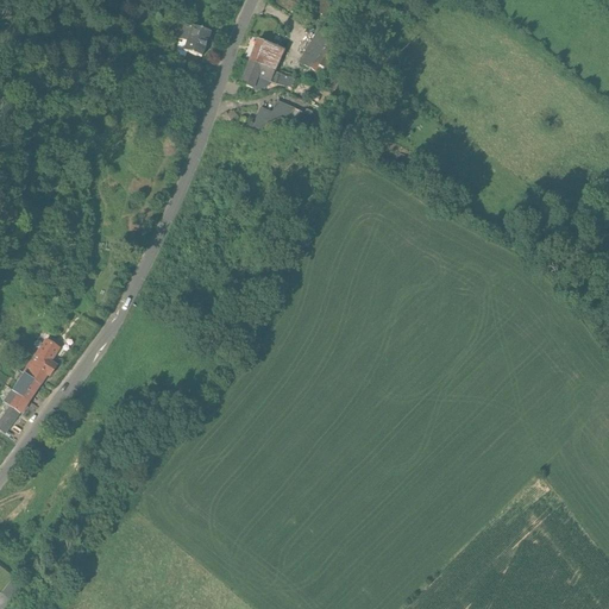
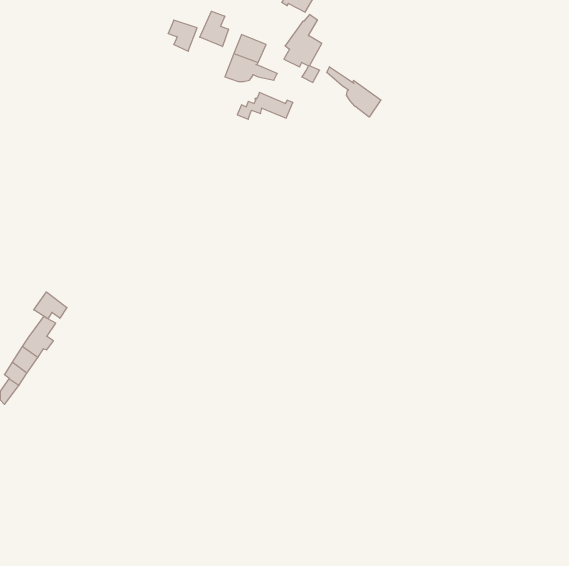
building: none -> [200,11,228,47]
building: none -> [327,67,381,117]
building: none -> [34,292,67,319]

